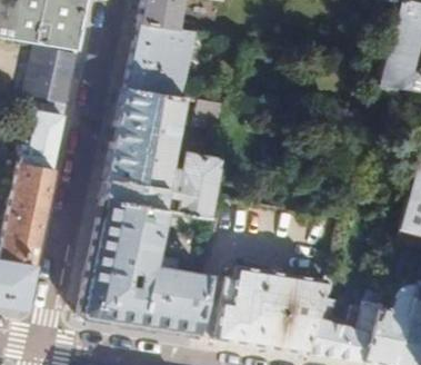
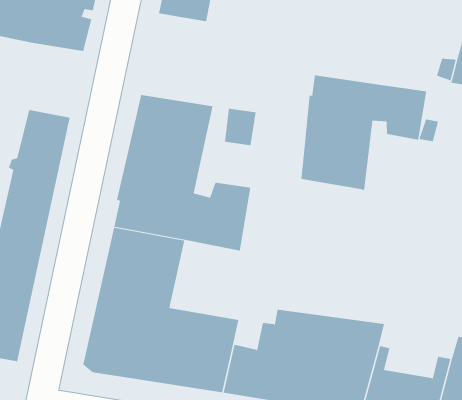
building: [124,22,194,98] -> none
building: [27,47,78,99] -> none
building: none -> [301,75,427,191]

